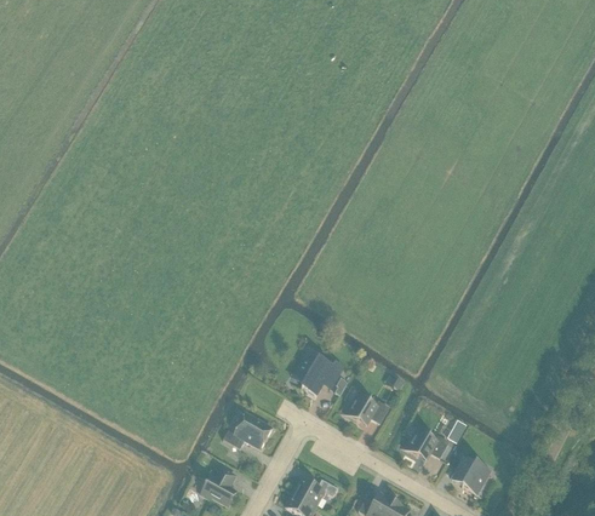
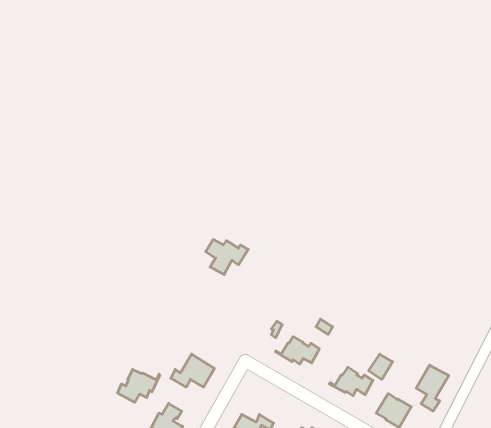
building: [296,355,343,394] -> [206,240,248,275]
building: none -> [416,365,449,411]
building: none -> [118,369,160,402]

